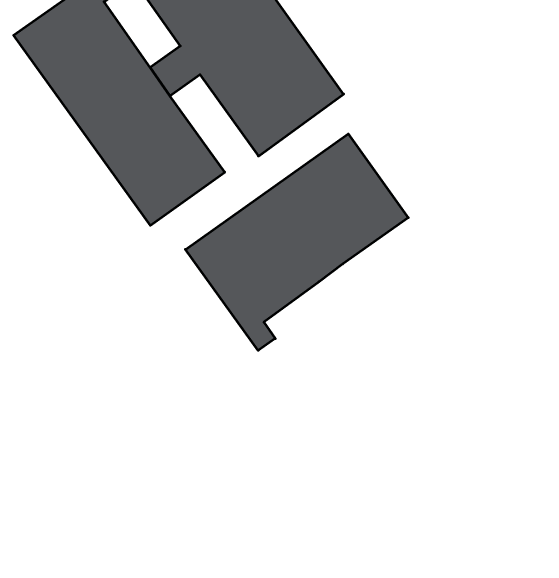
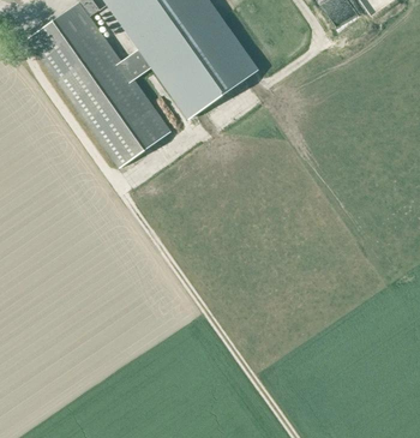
building: [185,134,408,350] -> none

